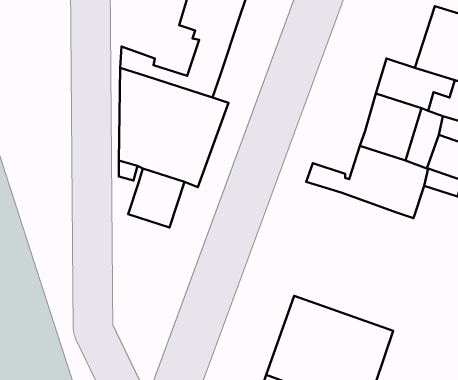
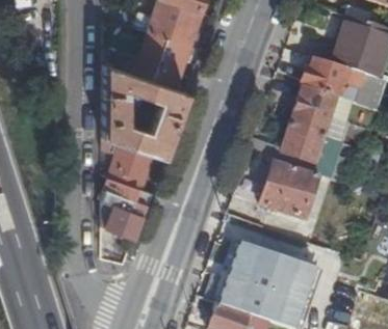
building: none -> [261,160,319,219]
building: none -> [102,176,152,237]

